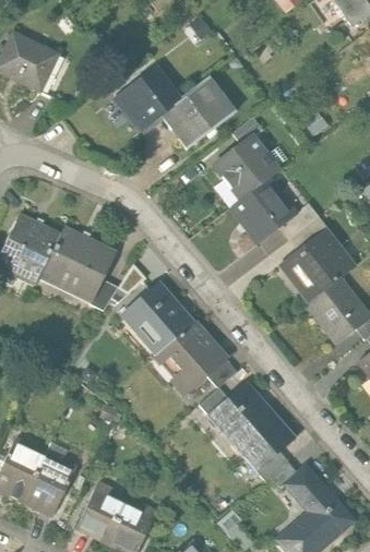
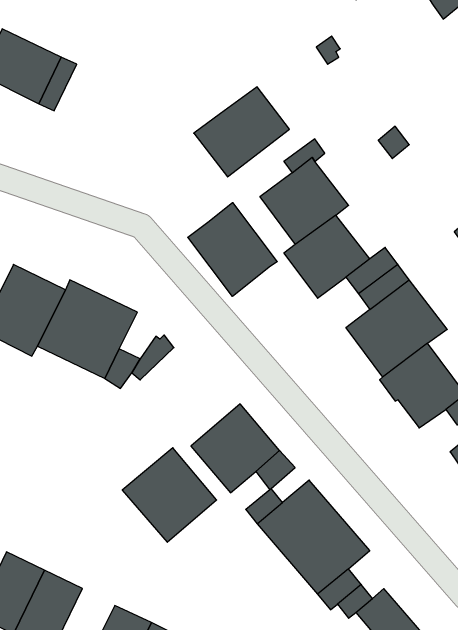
building: [115,65,180,129] -> none
building: none -> [188,203,277,296]
building: [122,283,195,356] -> [122,448,217,542]

